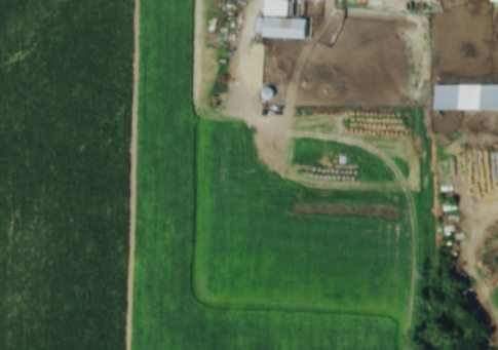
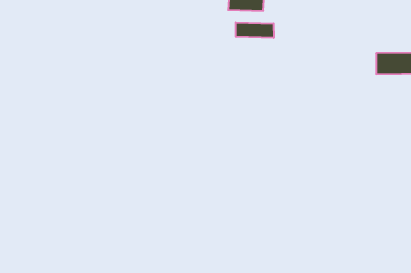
building: none -> [236,22,274,38]

